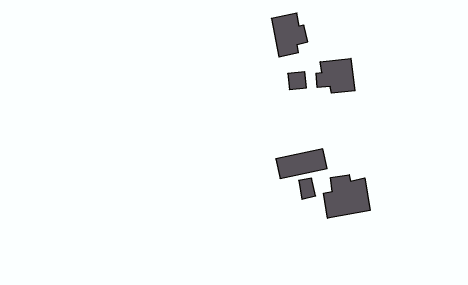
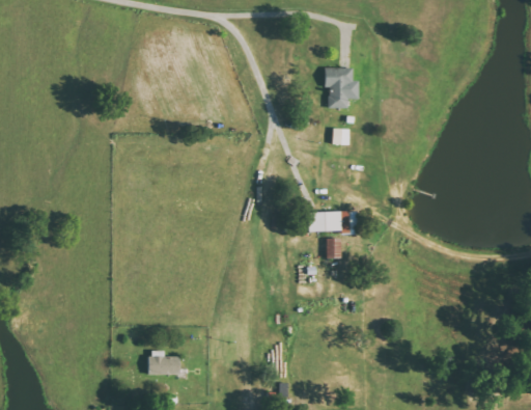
building: [316,58,355,93] -> none
building: [324,175,370,218] -> none

